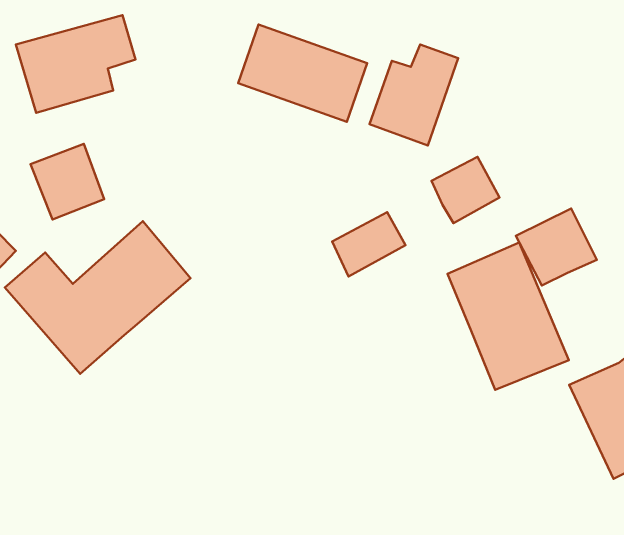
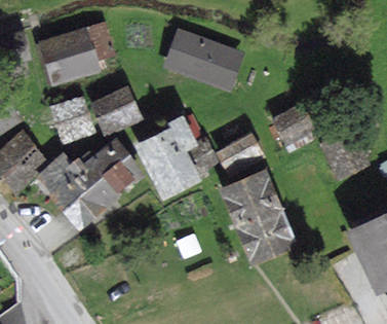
building: [369,44,458,146] -> none
building: none -> [91,88,138,129]
building: none -> [140,117,217,194]
building: [447,243,569,390] -> [224,173,292,255]

